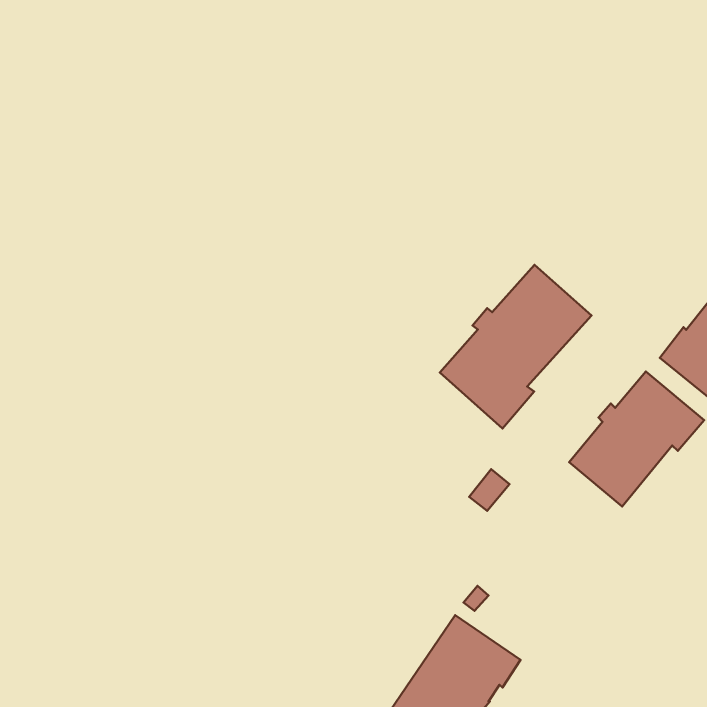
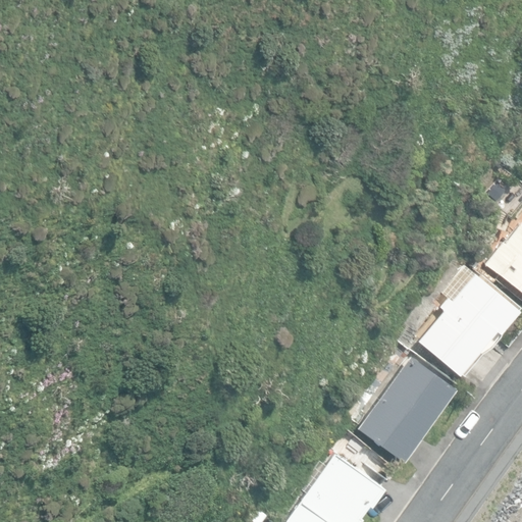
building: [440,265,592,429] -> none
building: none -> [359,357,455,462]

